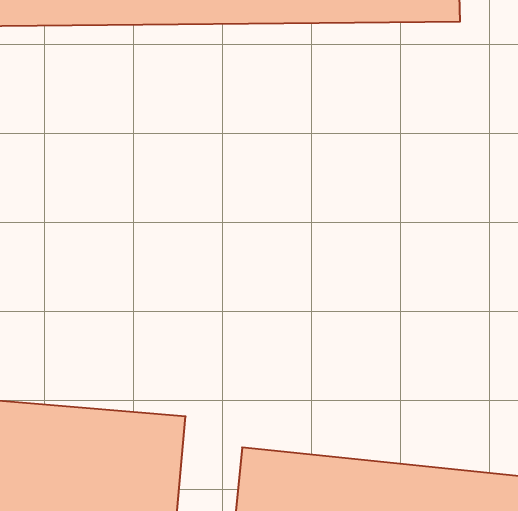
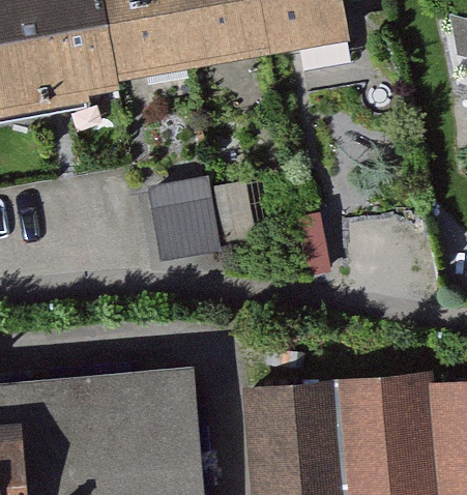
building: none -> [152,177,225,259]

